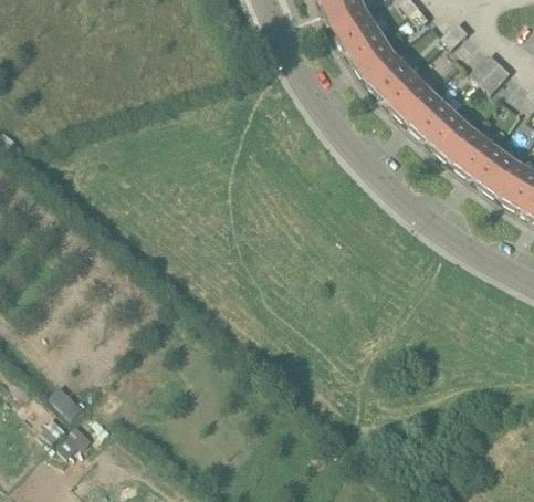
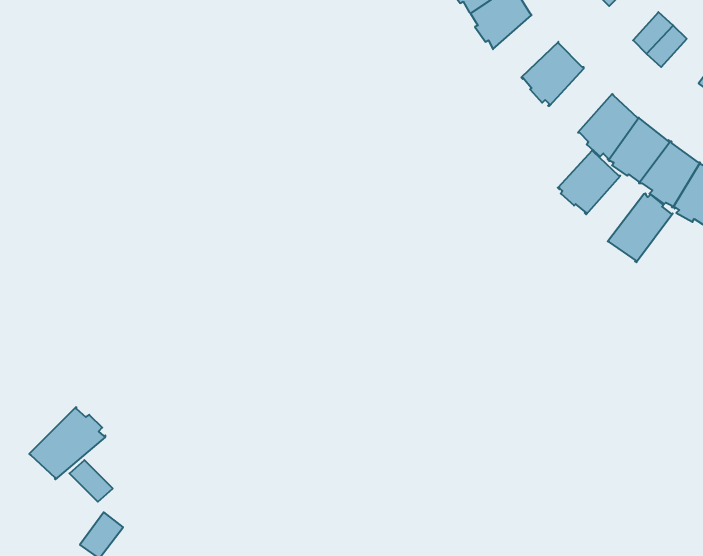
building: [367,53,416,100] -> none
building: [409,93,456,140] -> [558,150,620,214]
building: none -> [608,193,673,262]
building: none -> [29,407,105,479]

